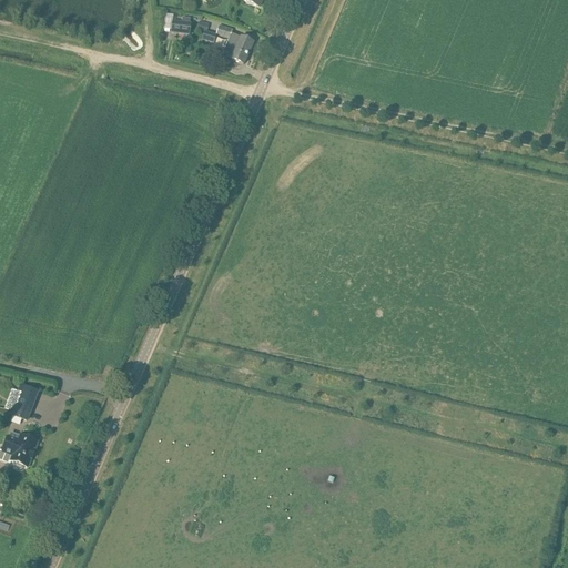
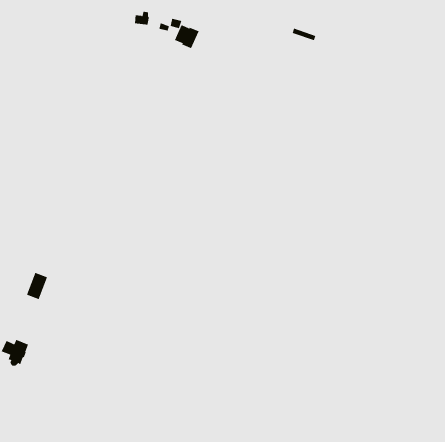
building: [9,383,37,418] -> [26,272,48,300]

